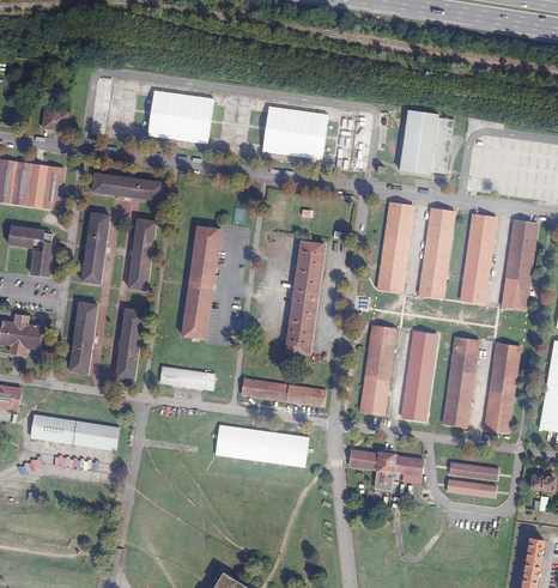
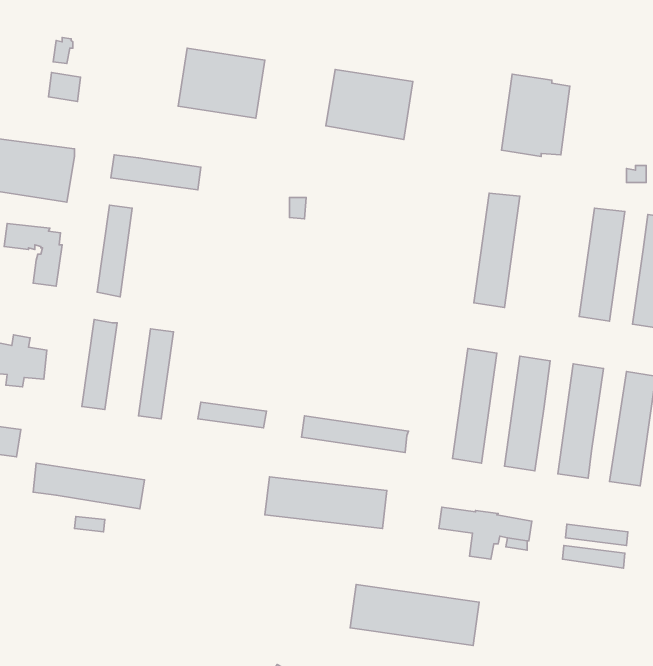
building: [417,208,453,298] -> none
building: [128,218,156,290] -> none
building: [182,225,220,339] -> none
building: [285,241,325,353] -> none
building: none -> [350,585,479,646]

